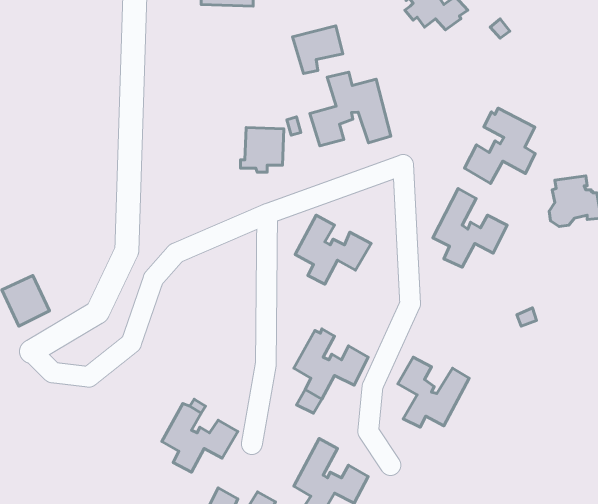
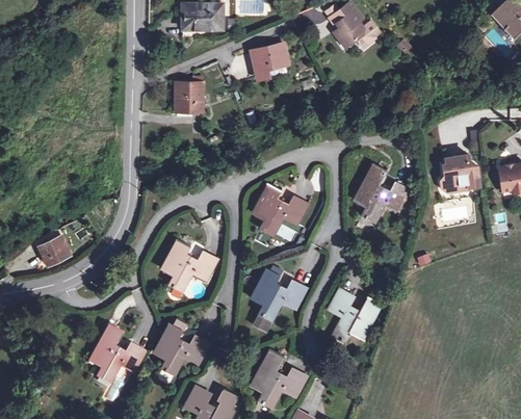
building: [310,72,391,146] -> none
building: [465,108,535,183] -> none
building: [240,127,284,172] -> [171,82,203,115]
building: none -> [161,239,217,291]
building: none -> [88,324,145,383]

